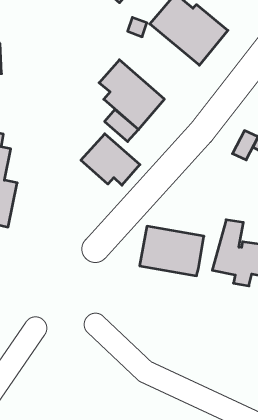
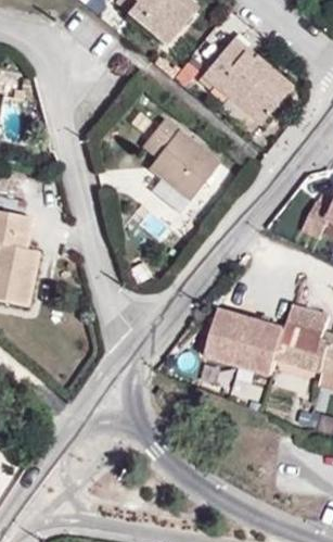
building: [81,134,140,185] -> none
building: none -> [260,300,293,364]

